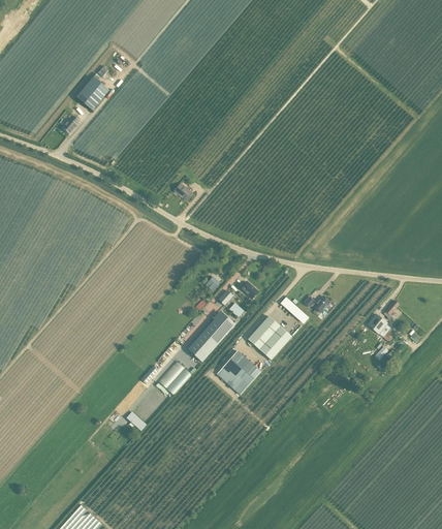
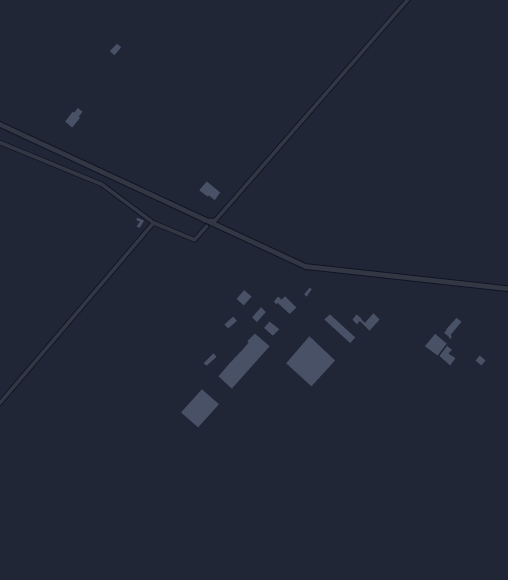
building: [74,75,107,110] -> none
building: [216,349,259,394] -> none

